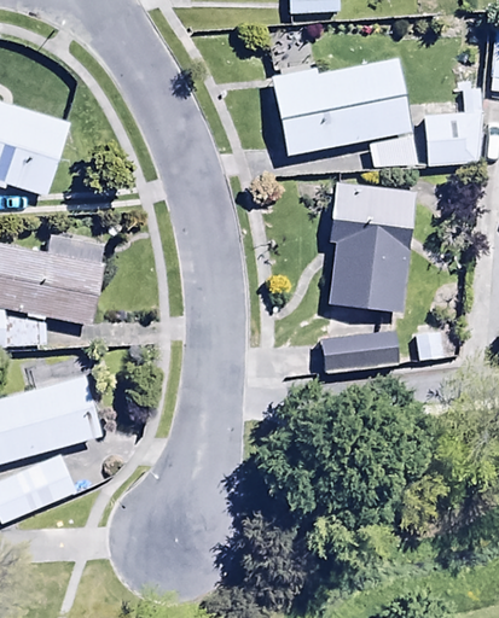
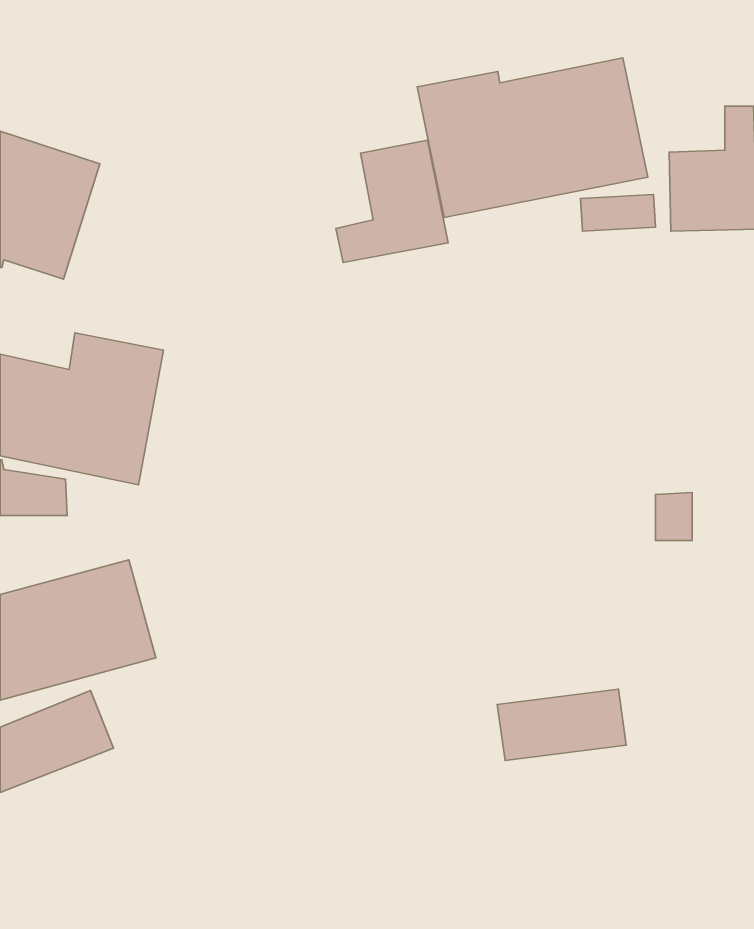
building: none -> [336,140,448,263]
building: [327,182,416,311] -> none
building: [319,328,400,373] -> [497,689,626,760]

